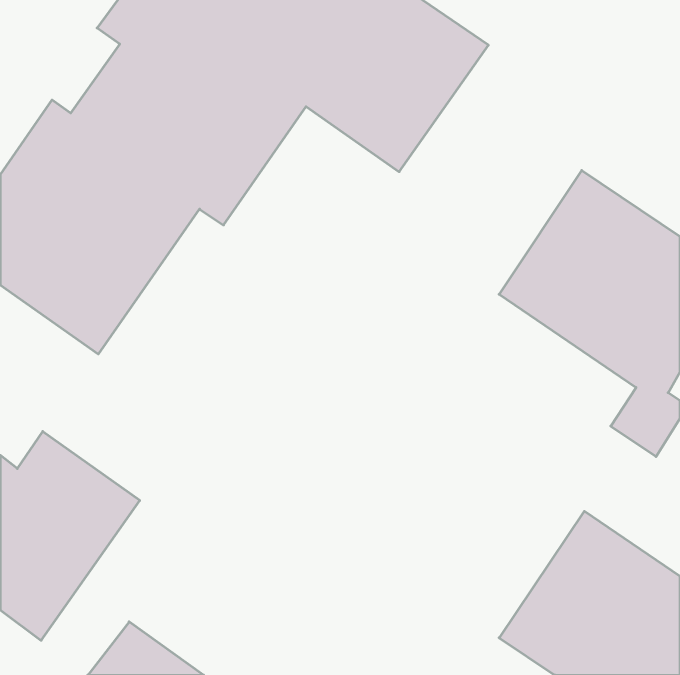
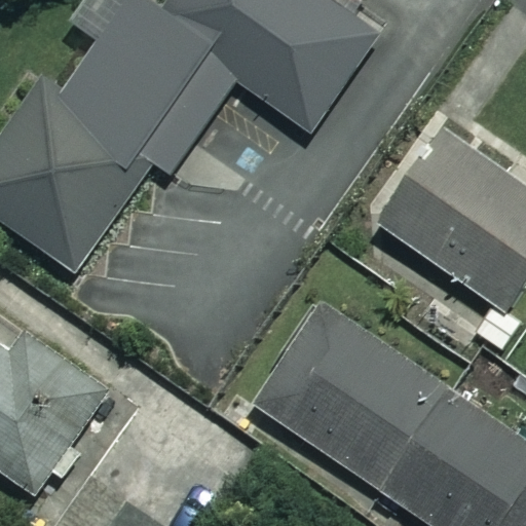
building: none -> [260,309,451,492]

